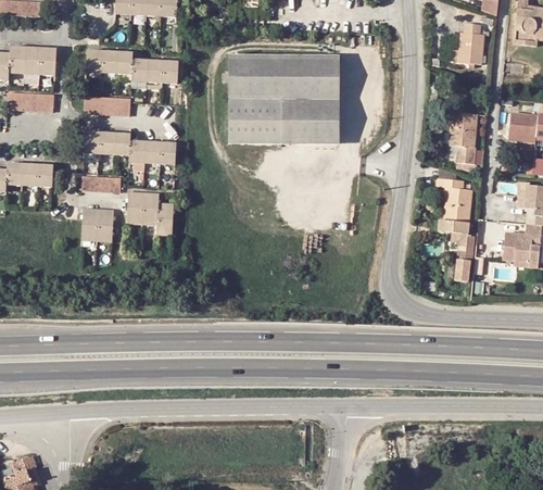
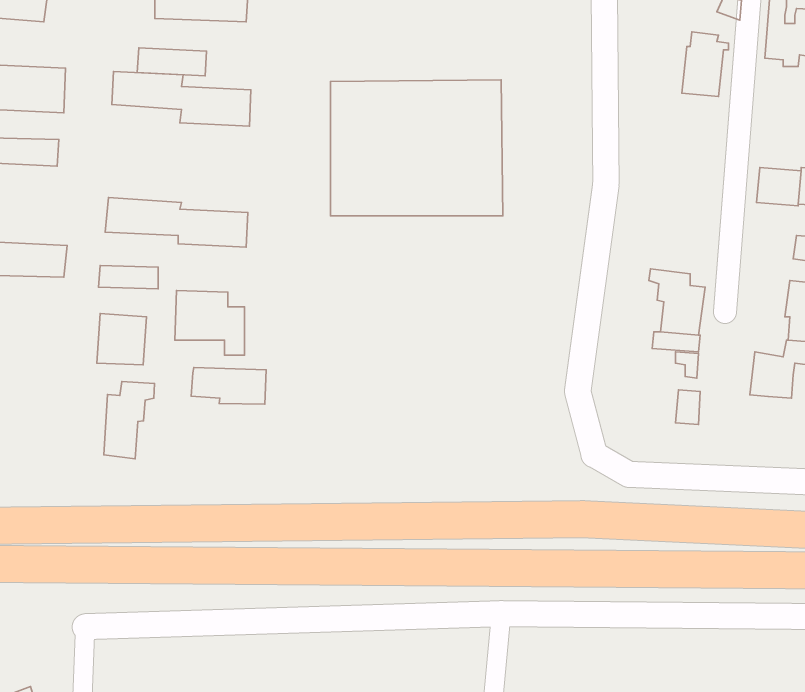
building: [83,96,128,114] -> [137,48,207,76]
building: [450,112,478,163] -> none
building: none -> [191,367,266,404]
building: none -> [104,381,155,459]

